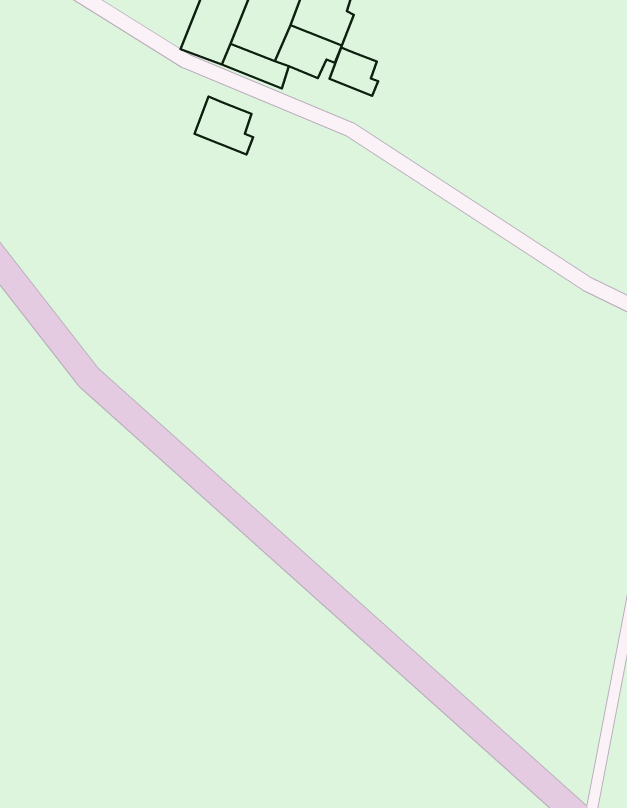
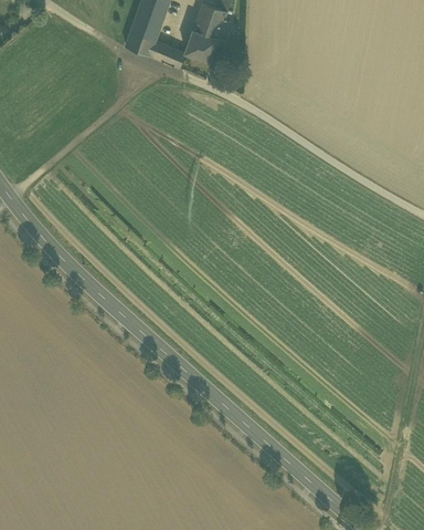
building: [329,47,378,96] -> none
building: [195,97,253,155] -> none

